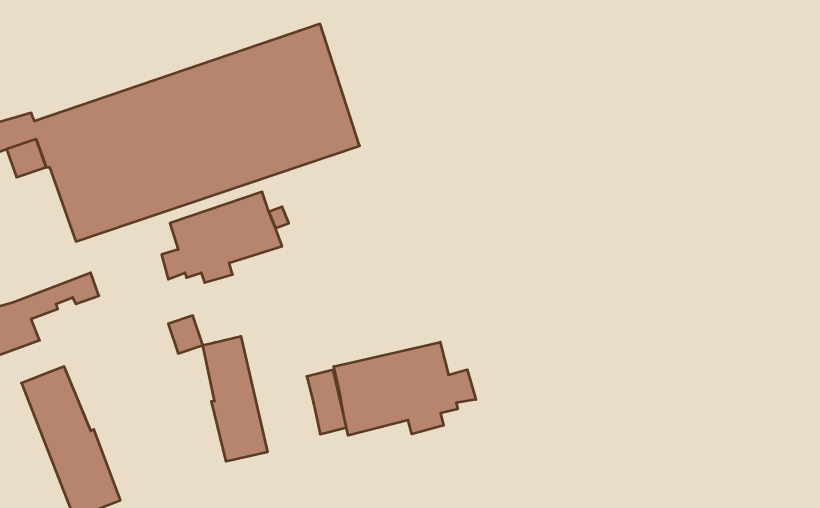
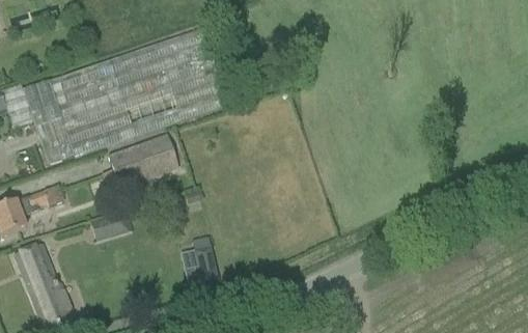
building: [203,336,267,461] -> none
building: [334,342,476,435] -> none

